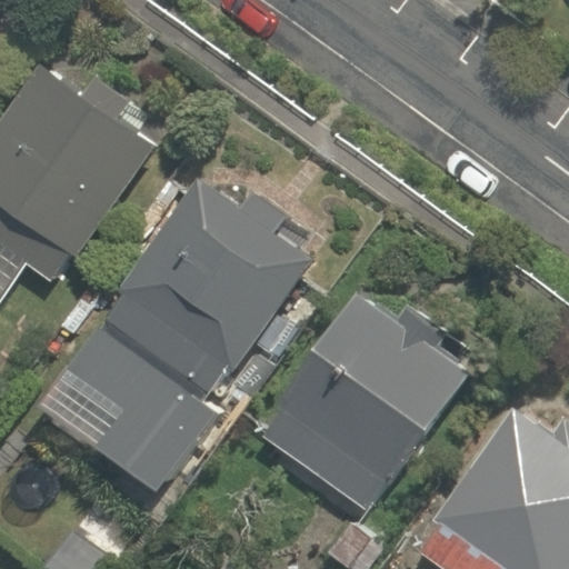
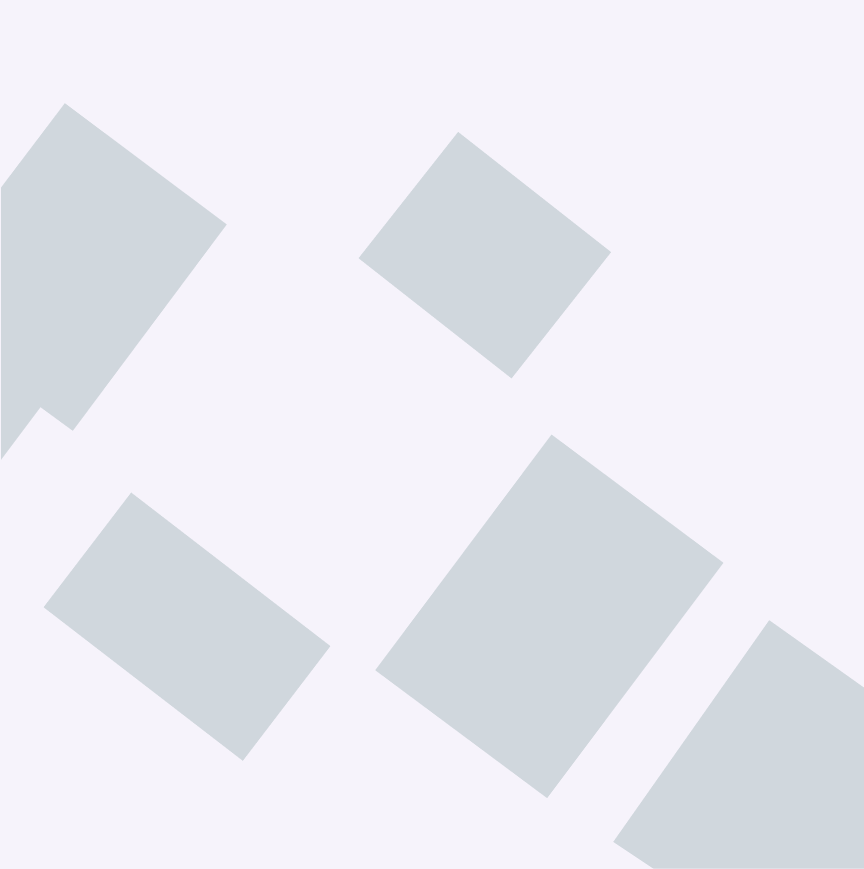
building: none -> [357,131,612,379]
building: [107,173,313,387] -> none

